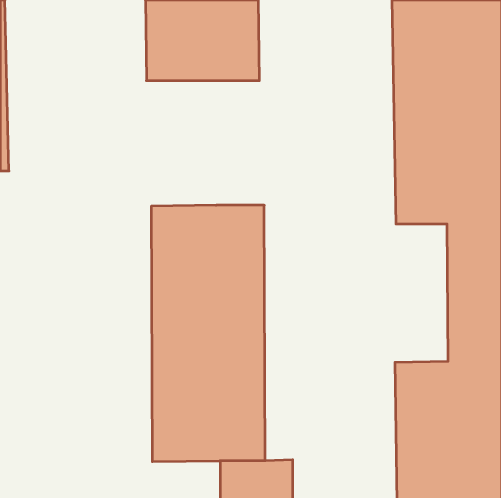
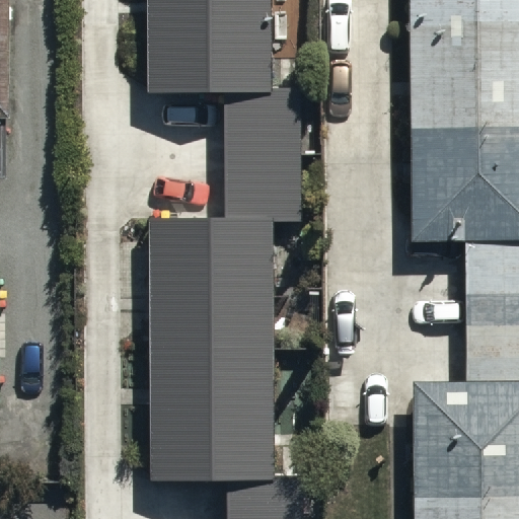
building: none -> [224,87,303,216]

